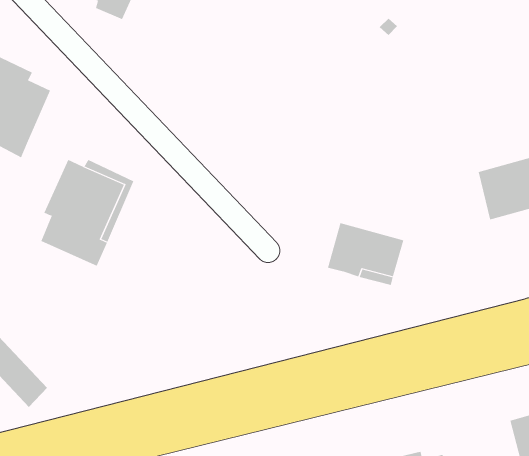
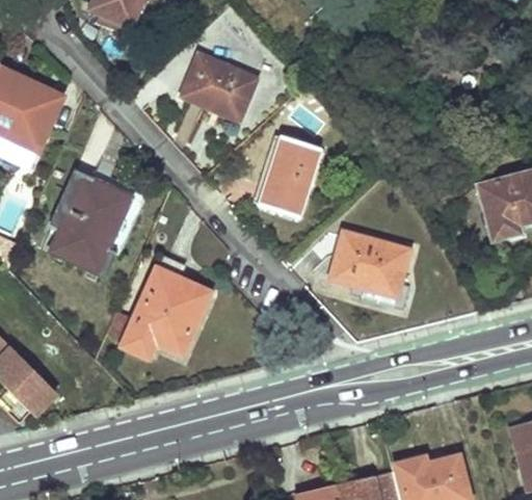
building: none -> [181,54,256,114]
building: none -> [259,137,320,219]
building: none -> [123,257,208,356]

